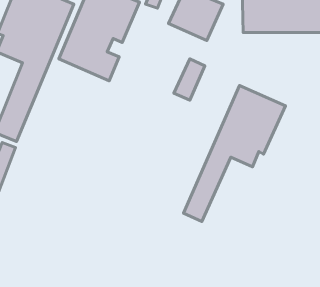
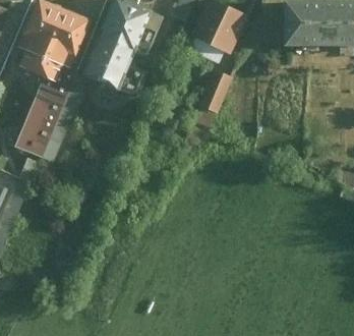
building: [184,86,285,221] -> none

